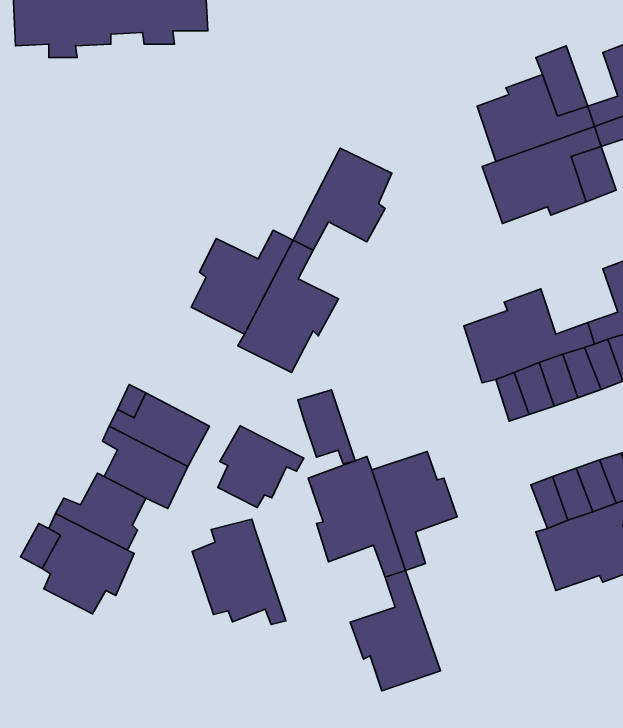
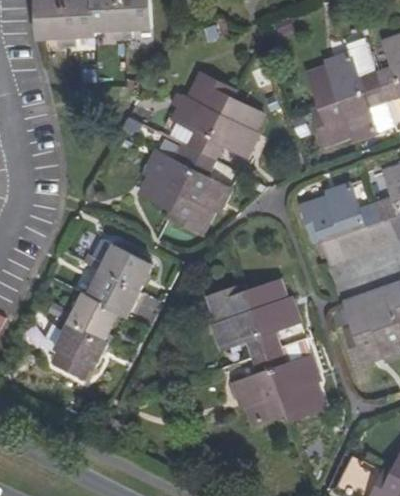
building: none -> [173,75,232,154]
building: [298,390,355,464] -> none
building: [218,426,304,508] -> none
building: [192,519,286,625] -> none
building: none -> [268,347,324,417]

